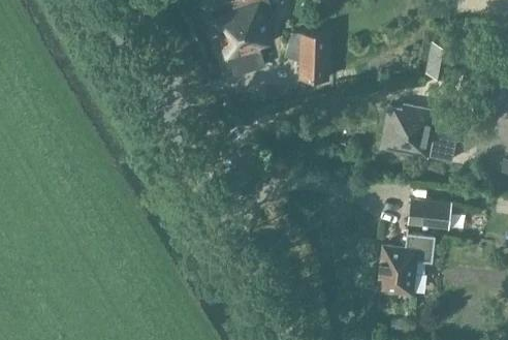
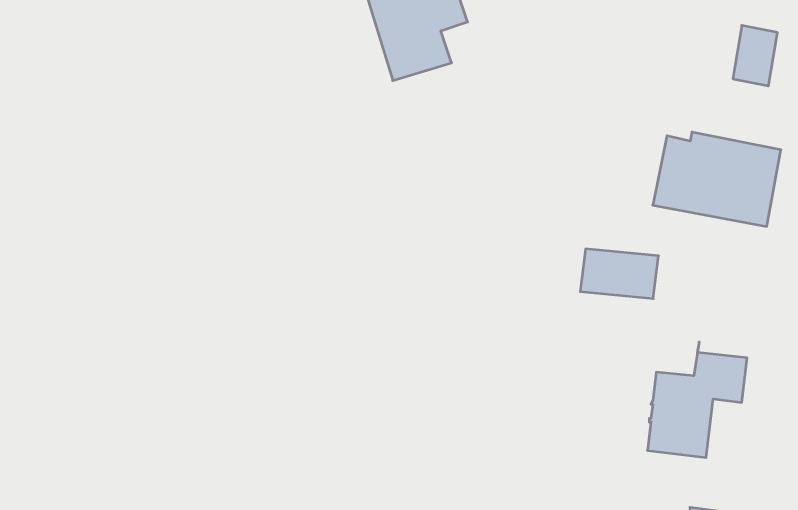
building: [284,35,329,83] -> none
building: [408,199,453,228] -> [580,249,659,299]

